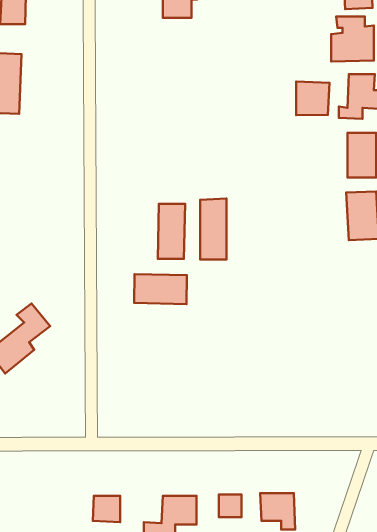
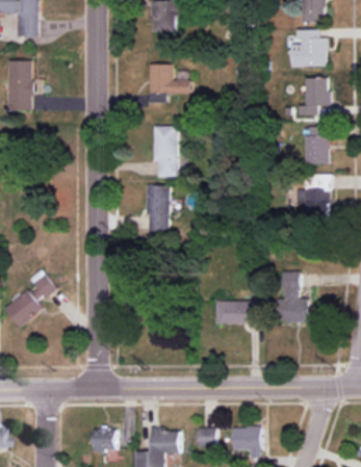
building: none -> [149,64,190,103]
building: [296,82,329,115] -> none
building: [200,199,226,260] -> [155,126,177,177]
building: [134,274,187,304] -> none
building: none -> [277,271,313,323]
building: none -> [214,301,257,325]

